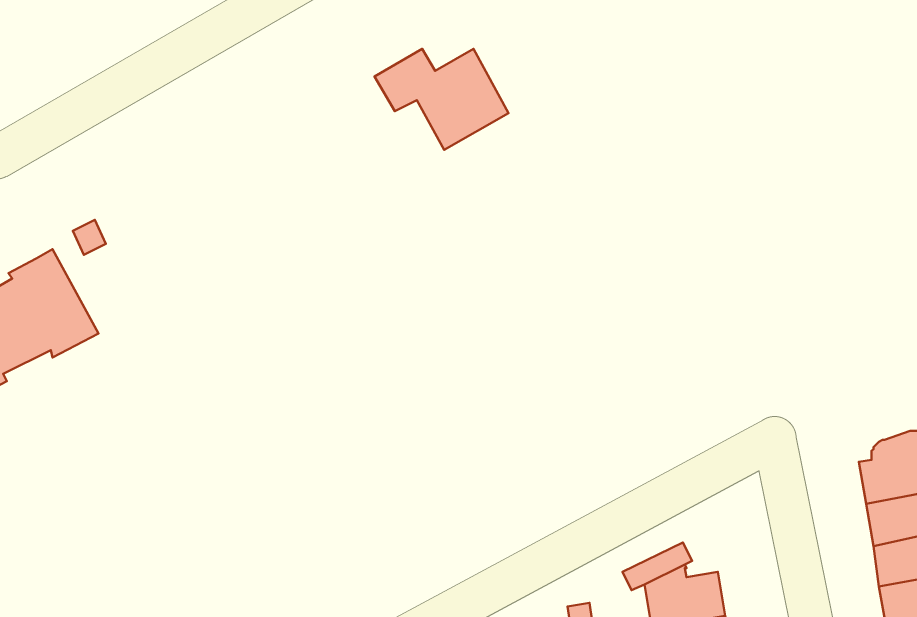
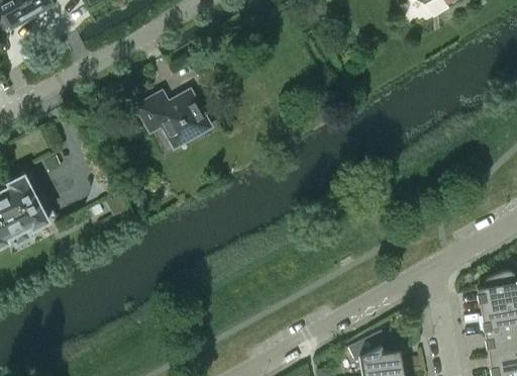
building: [375,49,508,150] -> [135,91,209,147]

